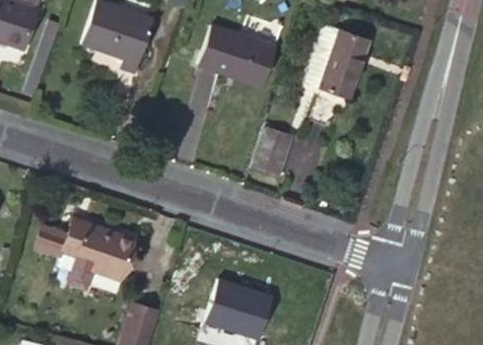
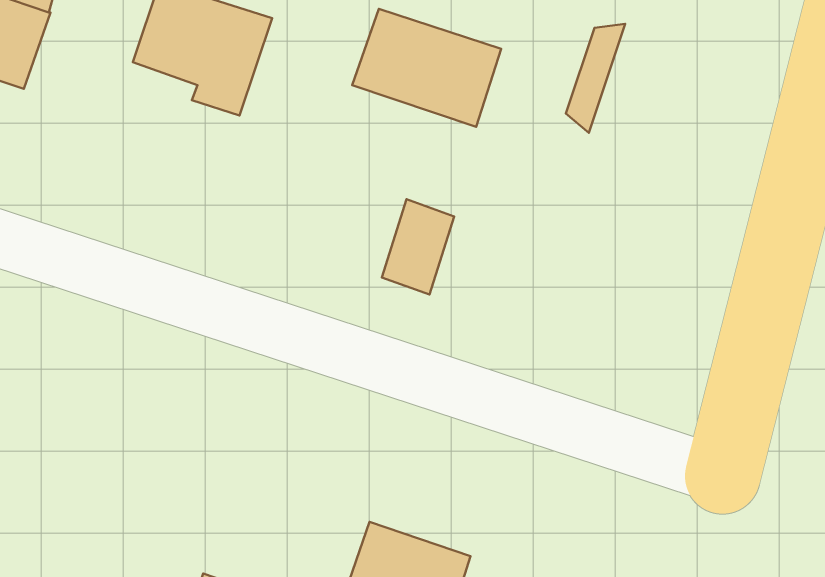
building: [327,20,374,88] -> none
building: [259,121,297,171] -> [382,199,454,295]
building: [31,227,128,284] -> none

